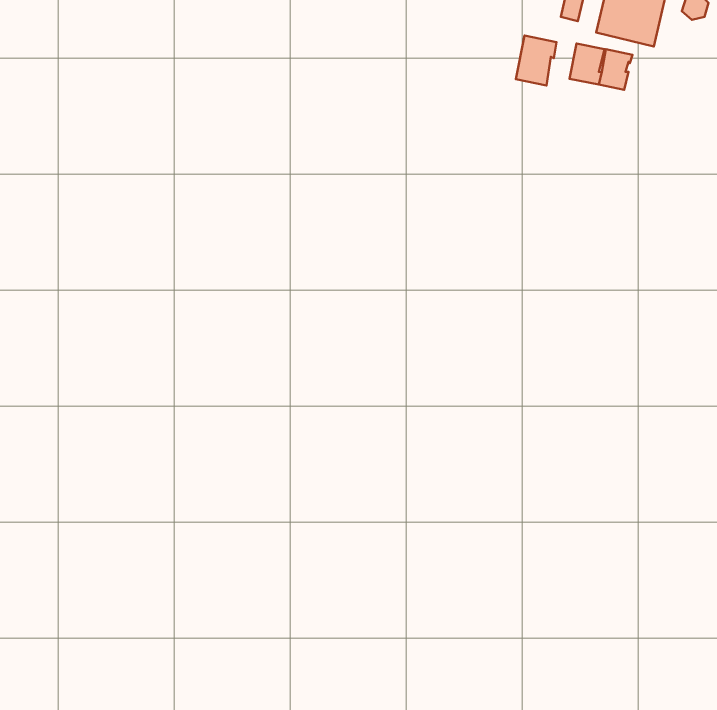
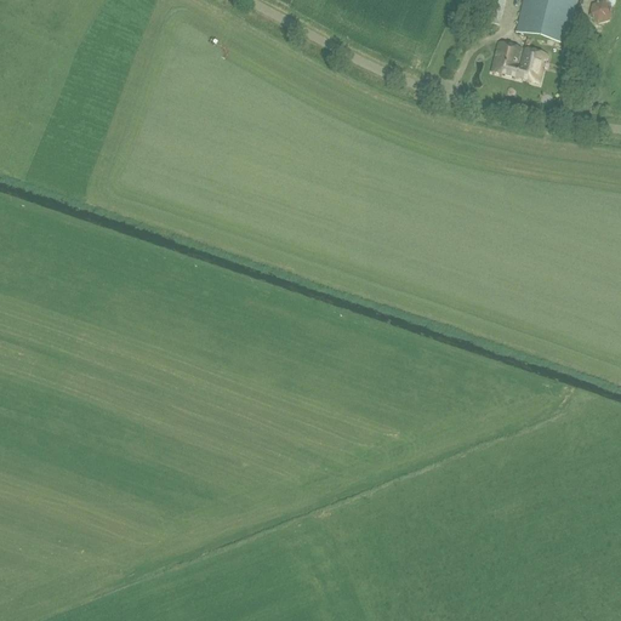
building: [516,36,557,85] -> none

